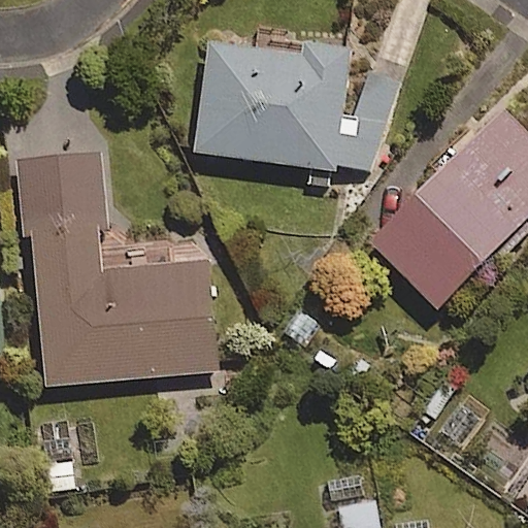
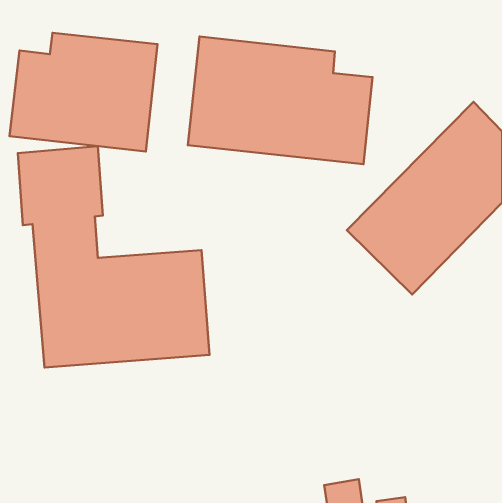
building: none -> [10,33,157,151]

